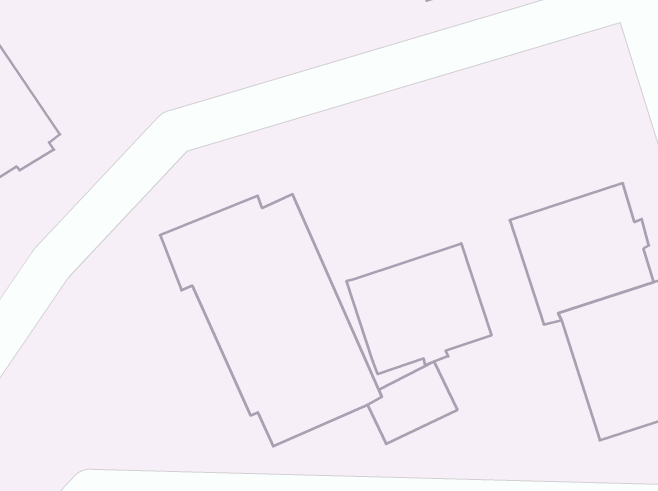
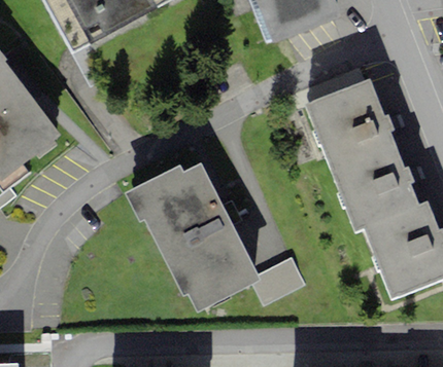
building: none -> [305,78,397,171]
building: [347,243,491,374] -> none

